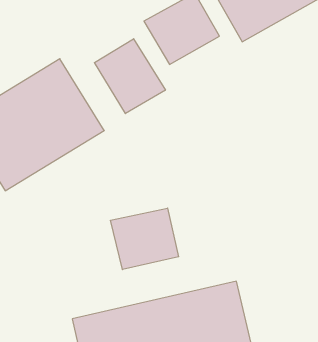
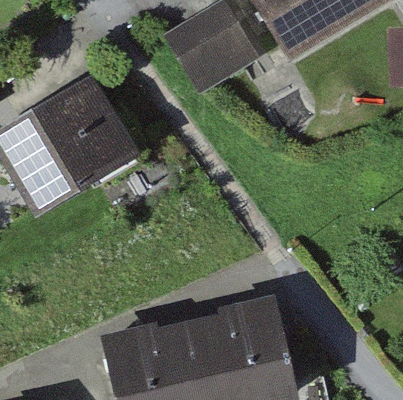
building: [94,39,165,114] -> none
building: [111,208,179,270] -> none

